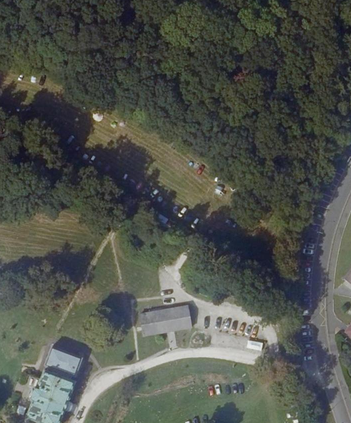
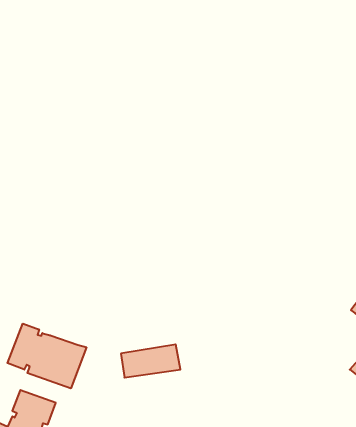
building: none -> [7,324,86,388]

